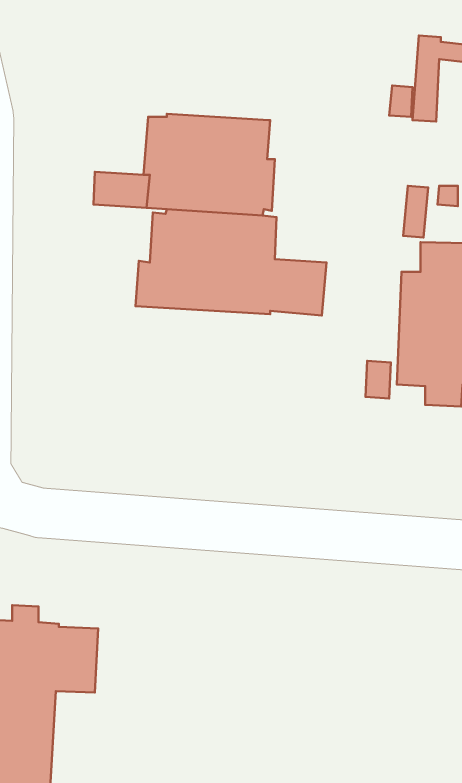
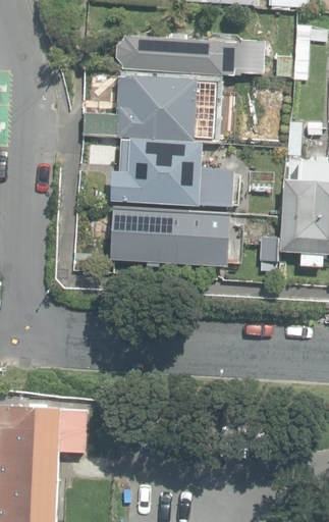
building: none -> [116,34,265,76]
building: none -> [110,207,230,267]

